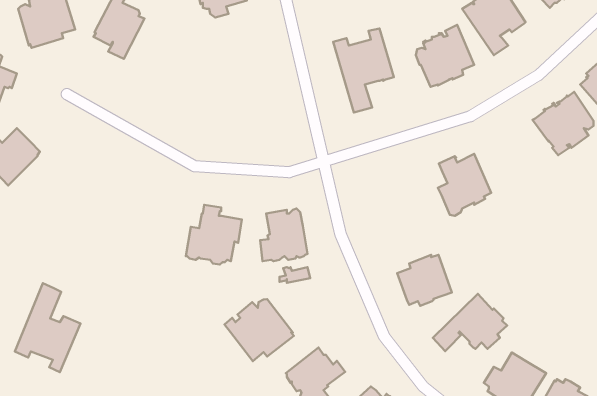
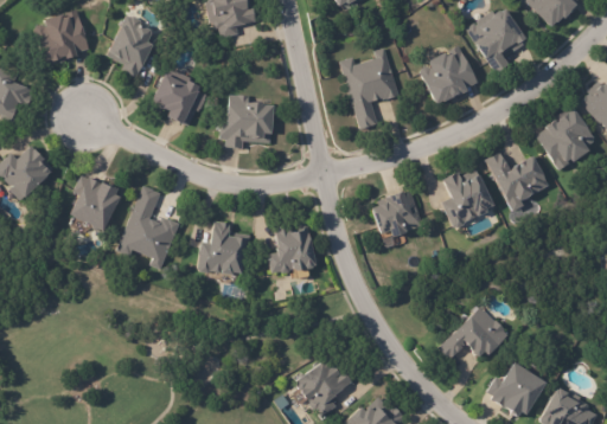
building: none -> [152,73,207,126]
building: none -> [219,91,274,146]
building: none -> [486,153,549,212]
building: none -> [71,173,121,230]
building: [397,255,452,306] -> [370,187,423,237]
building: [15,283,81,372] -> [116,185,180,271]
building: [224,299,294,361] -> none

